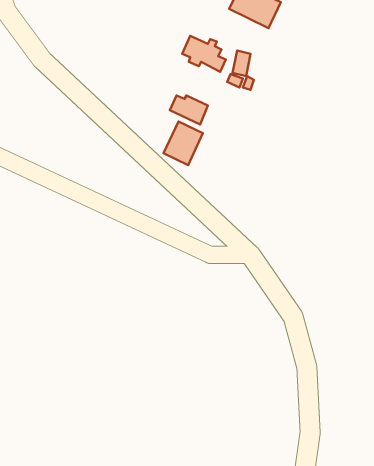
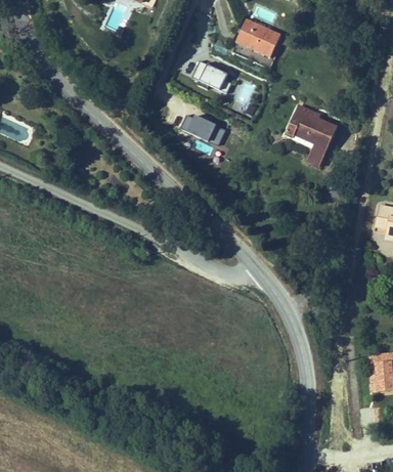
building: none -> [286,103,338,163]
building: [164,122,203,165] -> none

